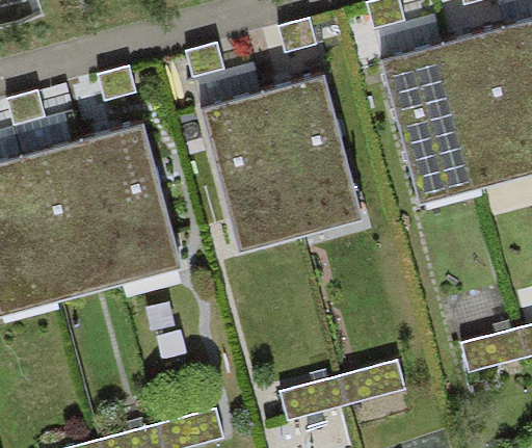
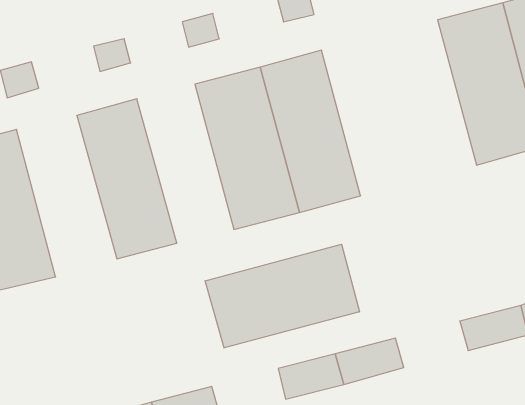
building: [384,45,477,203] -> none
building: [24,139,123,298] -> none
building: none -> [205,244,359,348]

